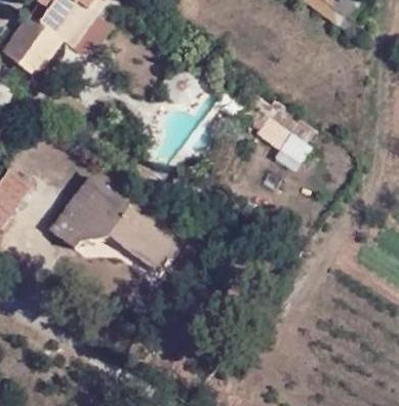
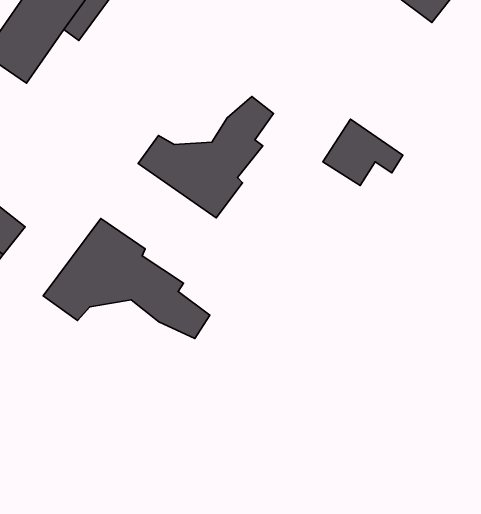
building: none -> [138,97,273,218]

